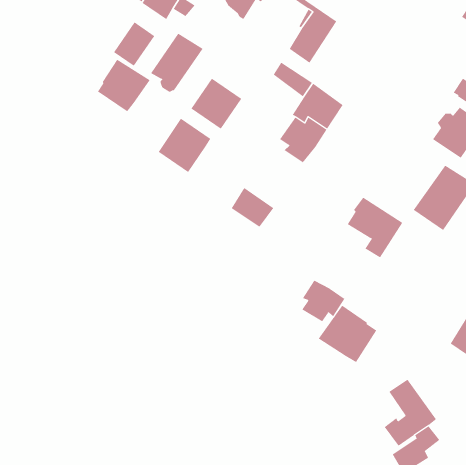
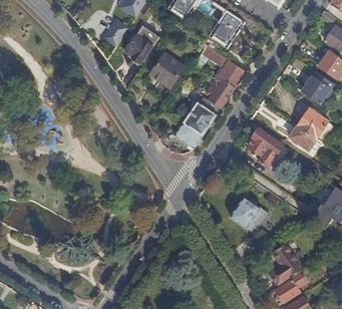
building: [97,59,151,112] -> none
building: [158,118,211,173] -> [184,101,217,135]
building: [302,280,345,322] -> none

